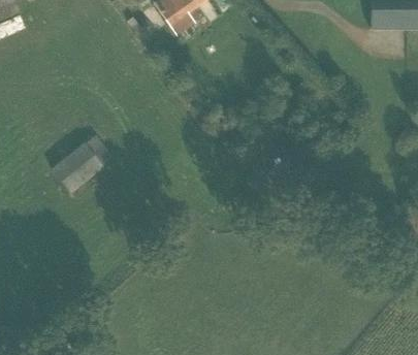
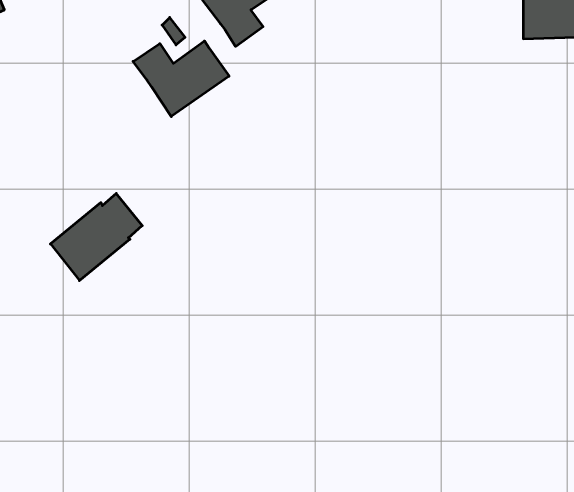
building: none -> [133,41,229,117]

